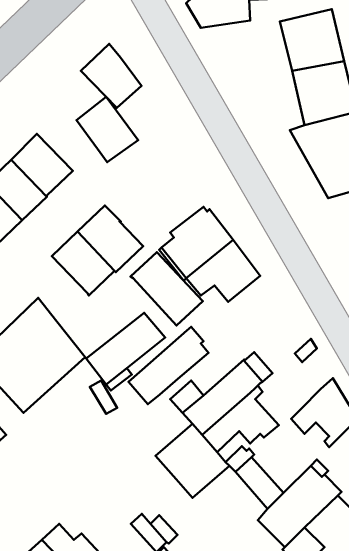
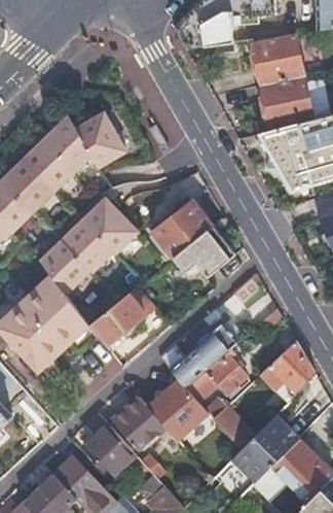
building: [81,44,141,108] -> [47,114,98,168]
building: [130,252,203,326] -> none
building: none -> [38,239,89,294]
building: [128,327,209,404] -> none
building: none -> [112,397,163,450]
building: none -> [83,413,131,473]

